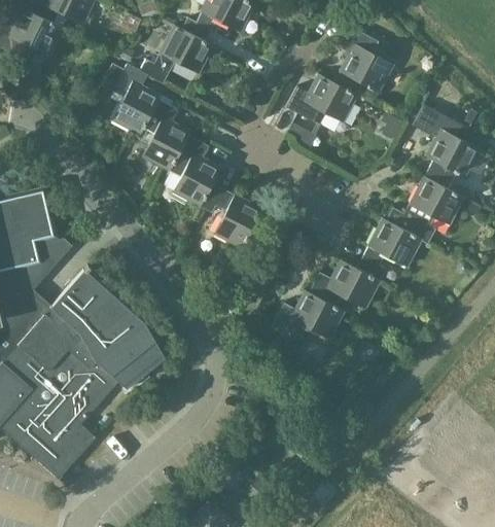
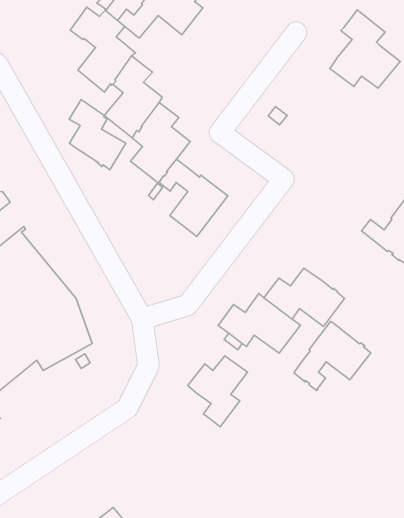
building: [285,74,356,124] -> none
building: none -> [69,100,126,170]
building: [356,219,421,282] -> [294,321,371,391]
building: none -> [188,356,248,427]

